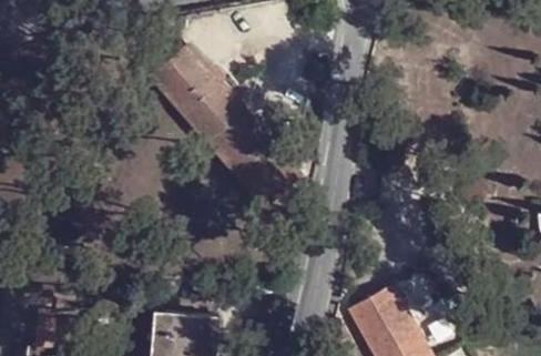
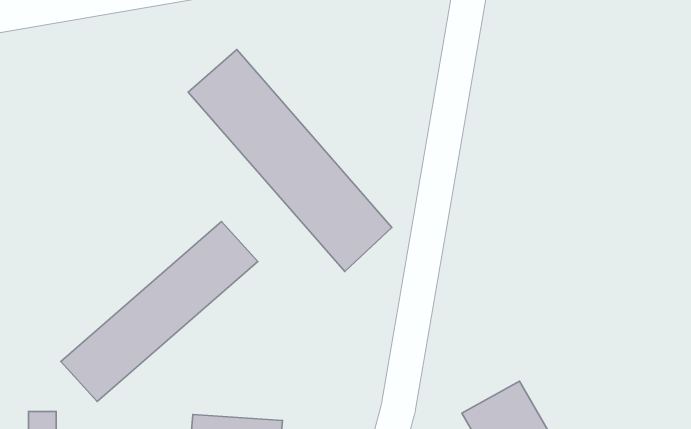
building: none -> [61,221,258,402]

